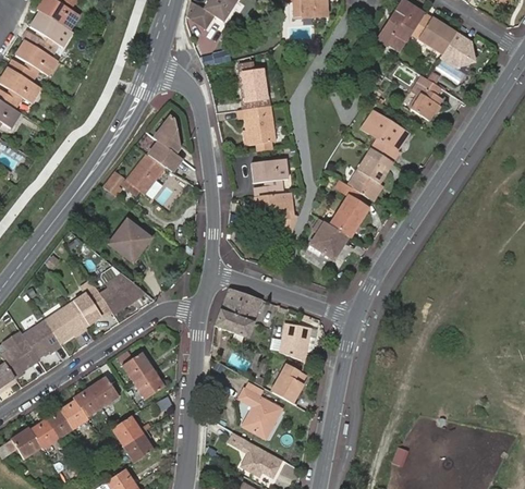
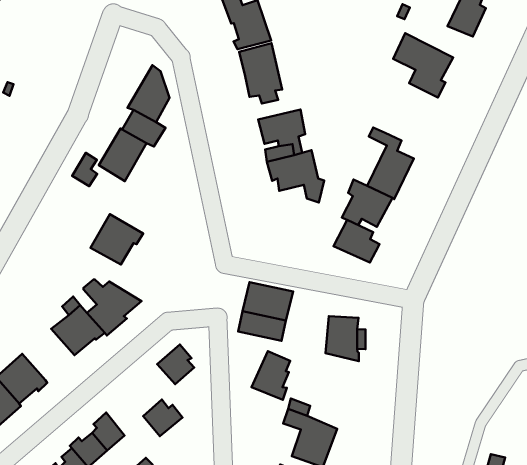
building: [350,150,394,200] -> none
building: none -> [334,220,379,263]
building: [45,303,86,342] -> none
building: [120,350,148,380] -> [157,344,194,384]
building: [272,366,305,405] -> [252,351,290,400]

